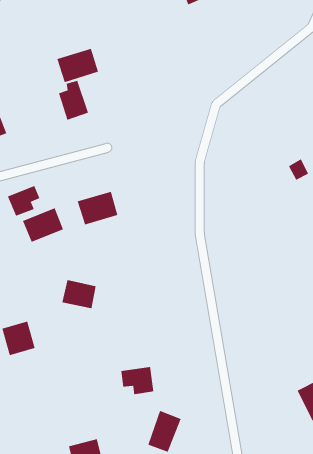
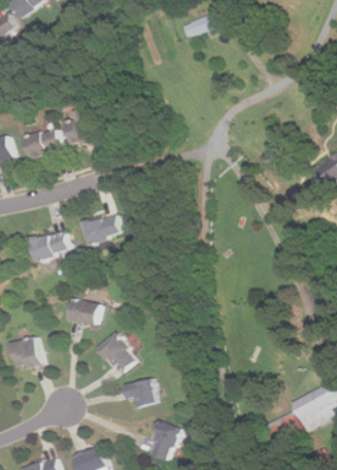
building: [56,48,99,83] -> [21,127,61,160]
building: [7,185,40,217] -> none
building: none -> [96,332,135,374]

